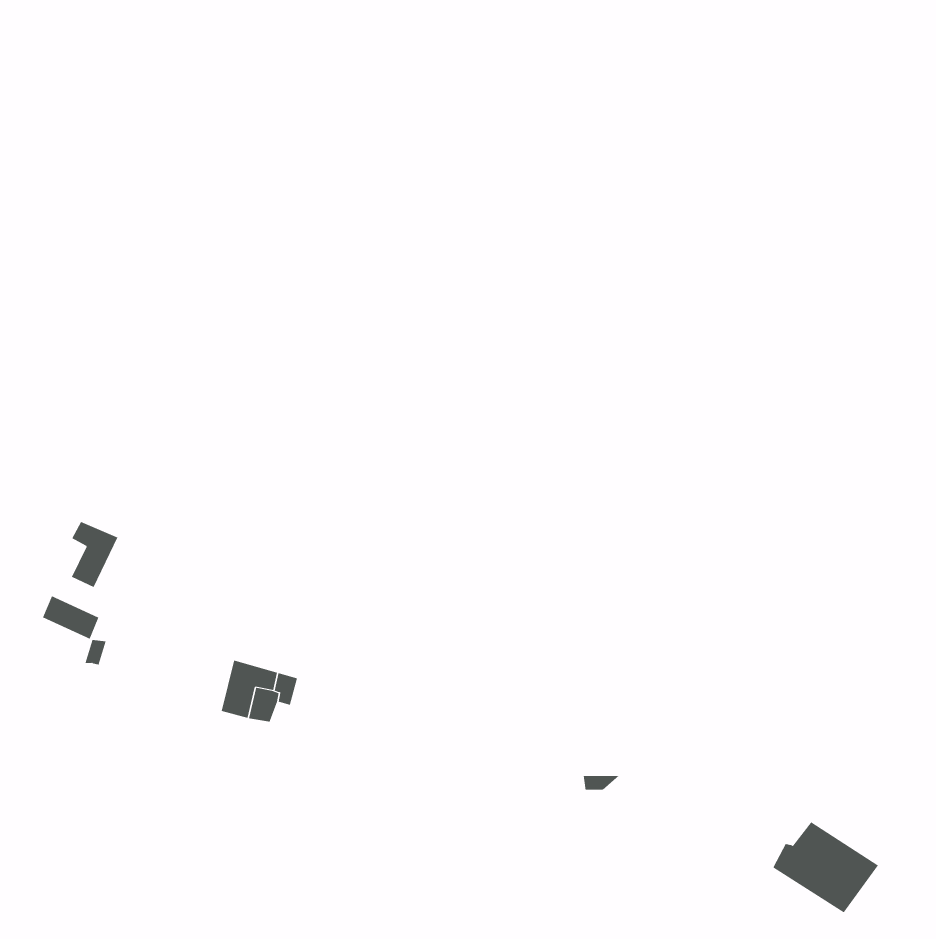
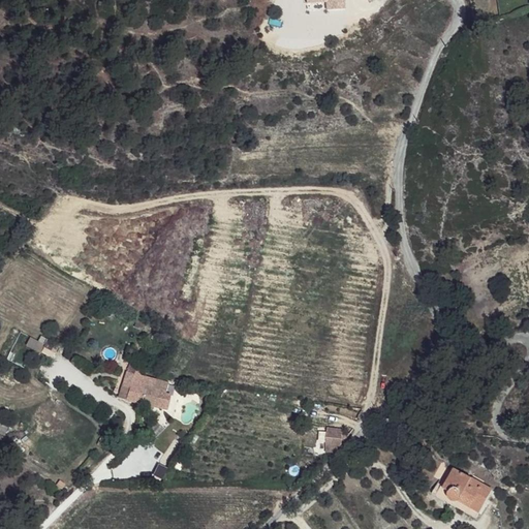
building: [71,521,118,588] -> none

